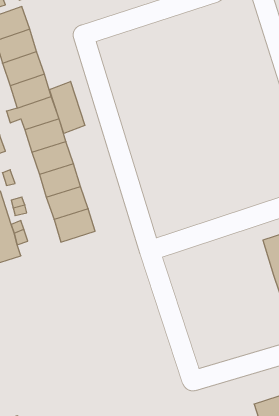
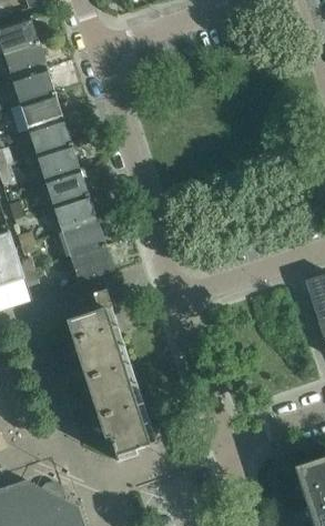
building: [49,81,85,133] -> none
building: none -> [67,289,156,461]

